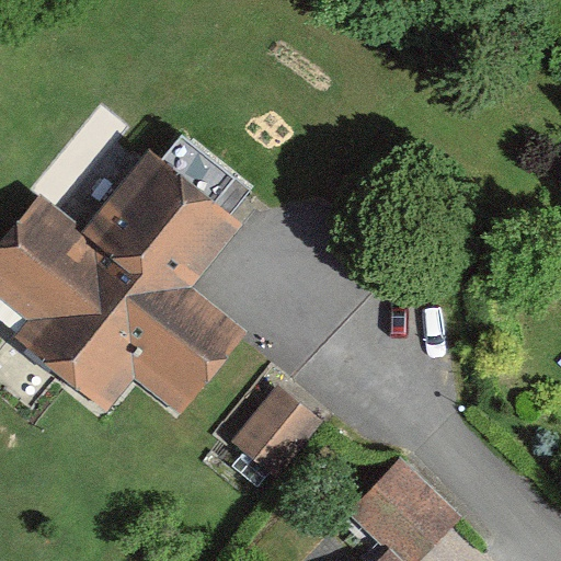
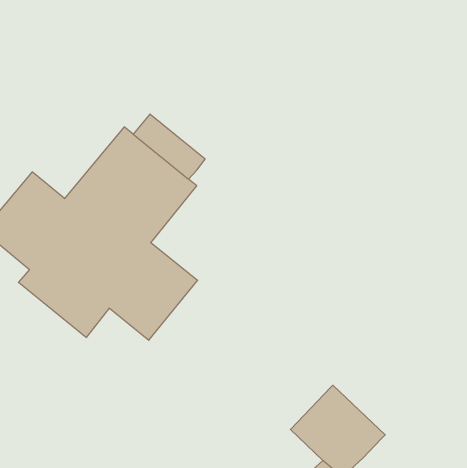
building: [231,390,319,481] -> none

